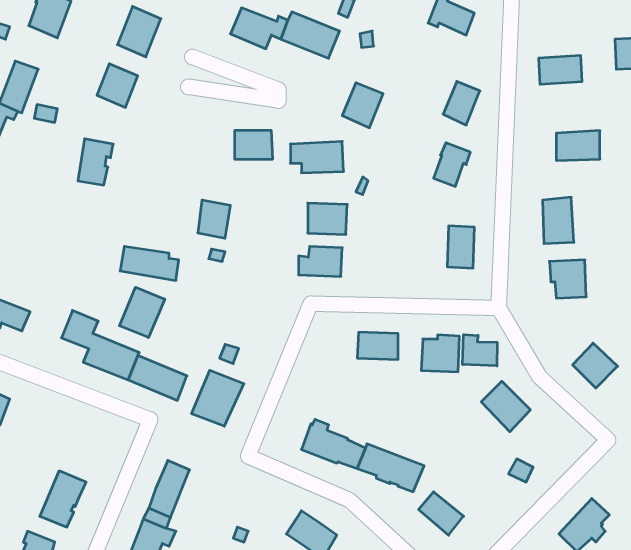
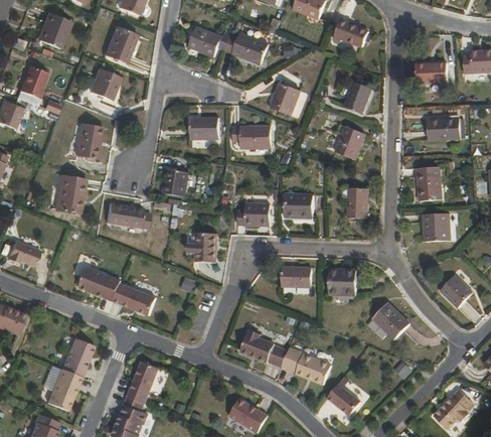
building: [308,203,347,234] -> [284,193,313,216]
building: none -> [54,174,85,212]
building: [119,287,165,338] -> none
building: none -> [186,234,214,263]
building: [463,335,497,366] -> none
building: [192,370,244,426] -> none
building: none -> [61,338,93,377]

